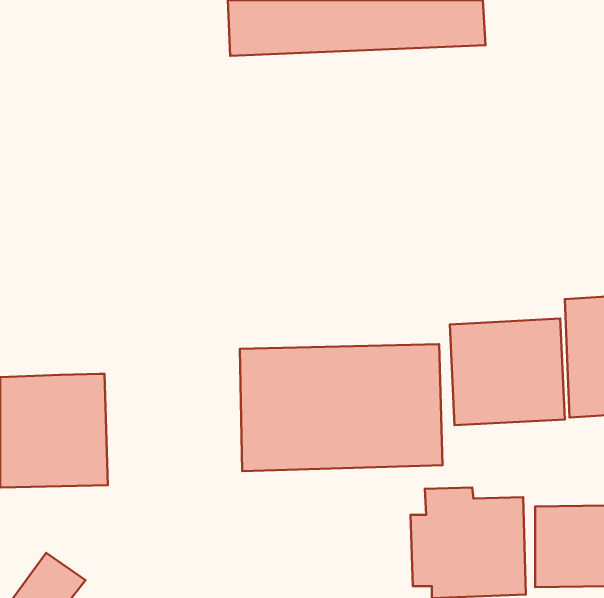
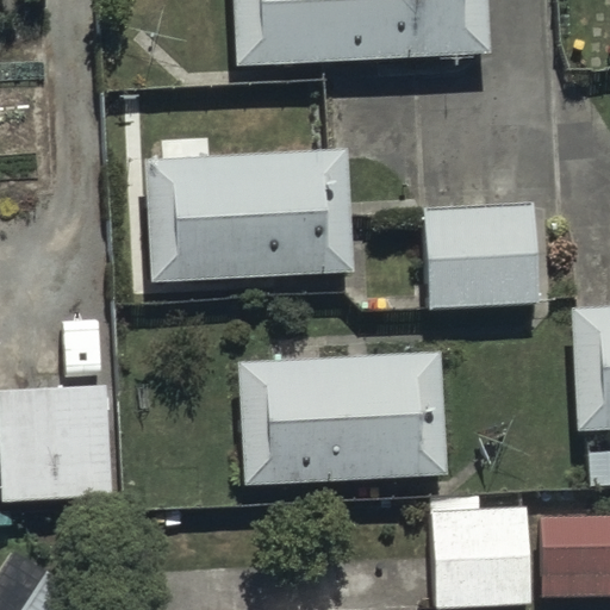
building: none -> [145,147,353,280]
building: [450,319,565,425] -> [422,203,537,310]

